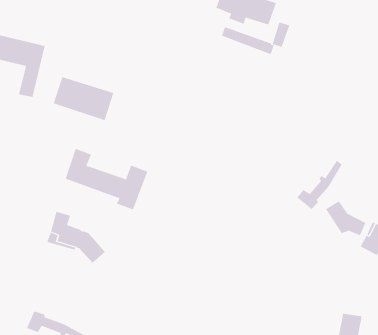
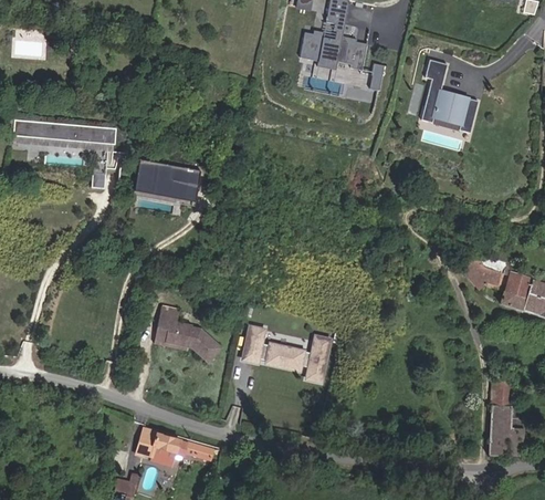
building: none -> [421,53,478,126]
building: [65,148,148,210] -> [241,323,334,384]
building: [296,160,343,210] -> none

